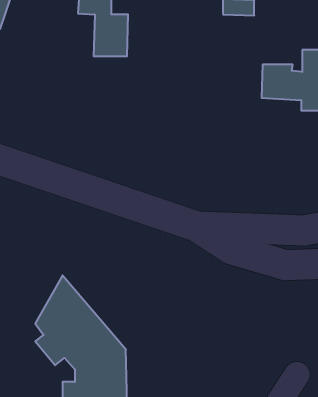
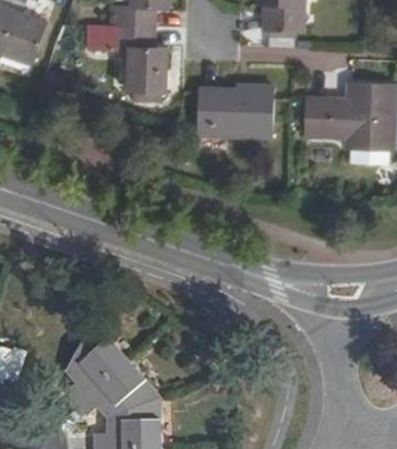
building: none -> [196,85,272,135]

